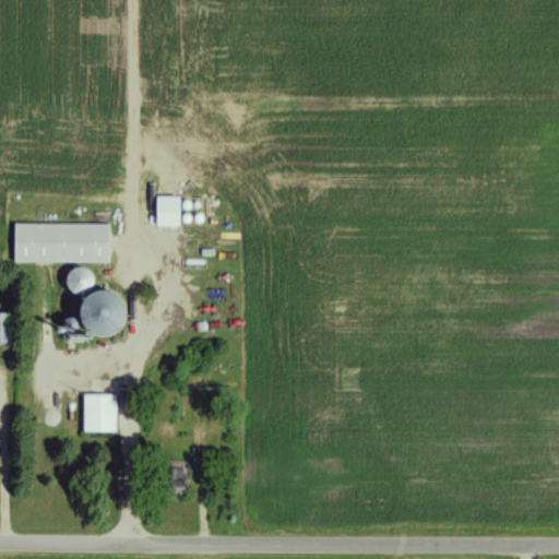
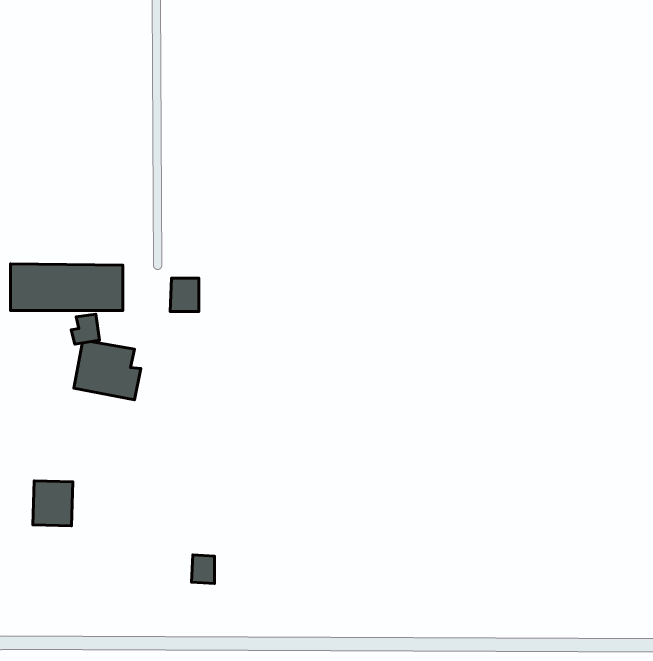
building: [155,197,179,225] -> [170,278,199,312]
building: [84,394,118,432] -> [33,481,73,526]

